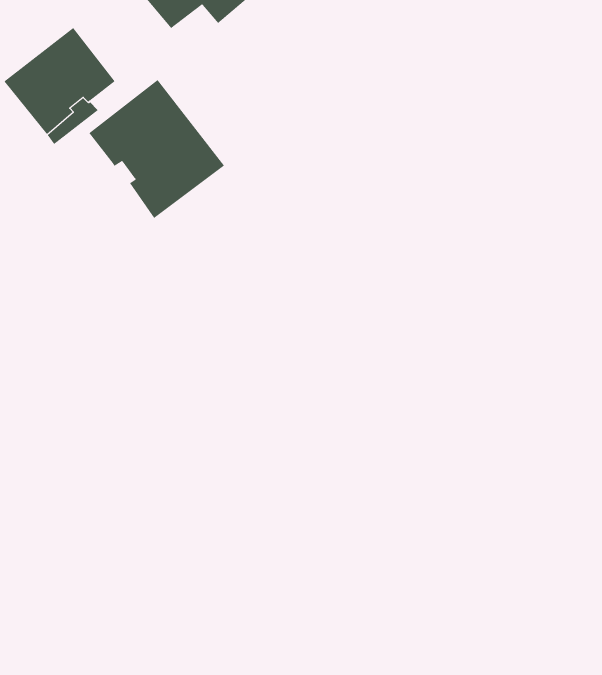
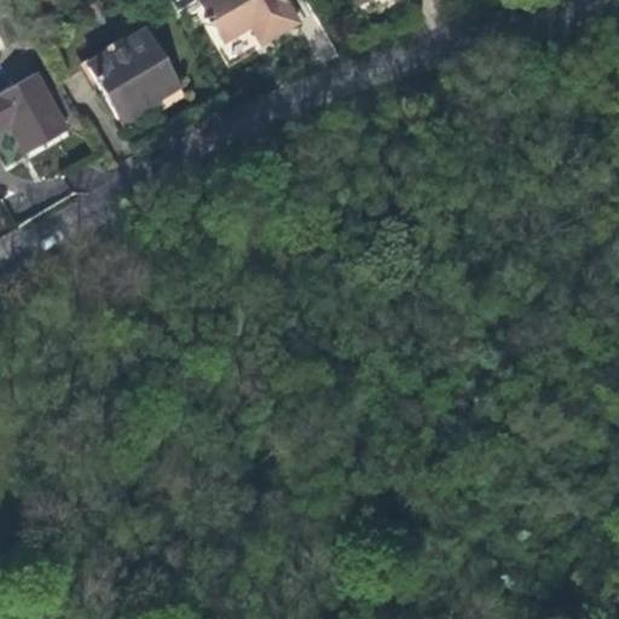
building: [89,79,225,219] -> none

